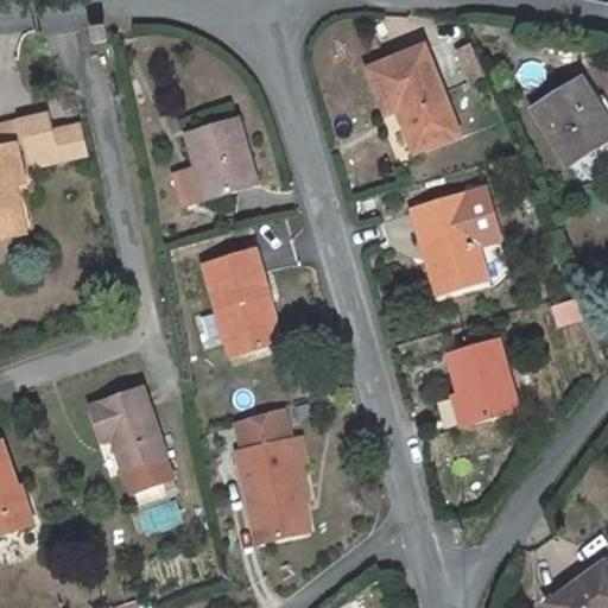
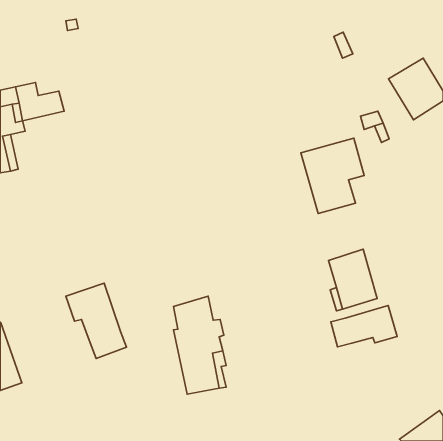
building: [368,46,457,151] -> none
building: [176,118,256,203] -> none
building: [205,251,280,353] -> none
building: none -> [331,305,397,347]

